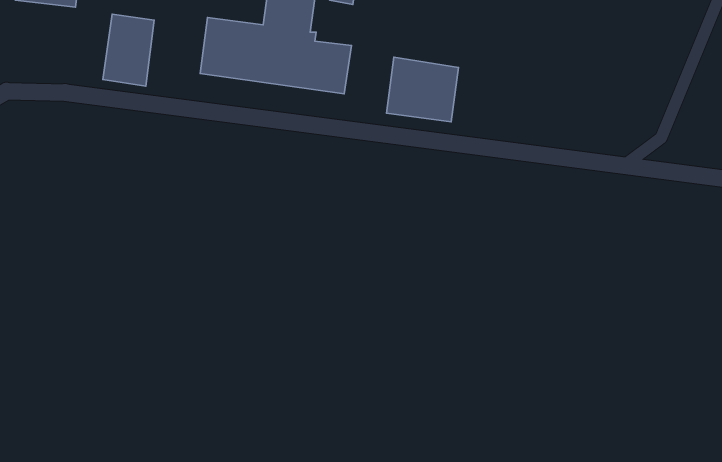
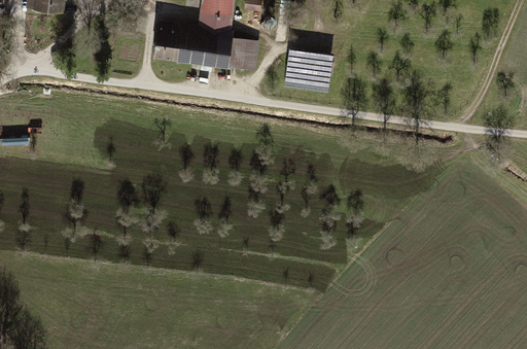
building: [103,14,154,86] -> none

